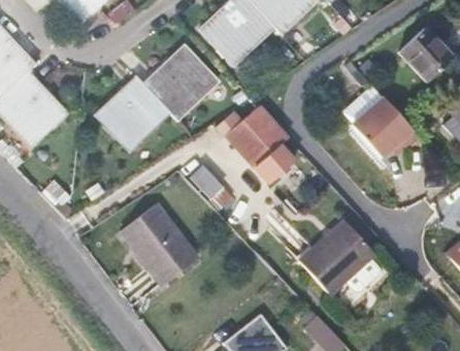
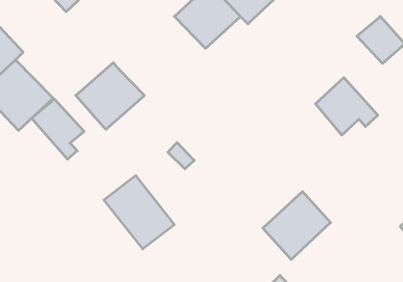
building: [139,50,212,121] -> none
building: [218,105,293,181] -> none
building: none -> [31,99,84,159]

